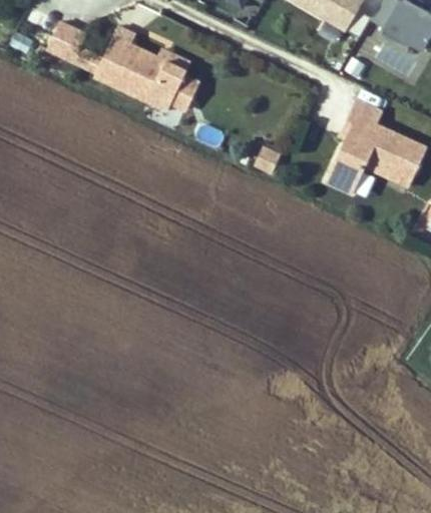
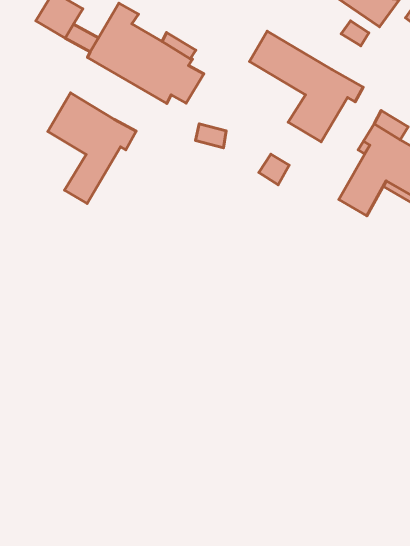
building: none -> [250,31,363,142]
building: none -> [48,93,136,203]

